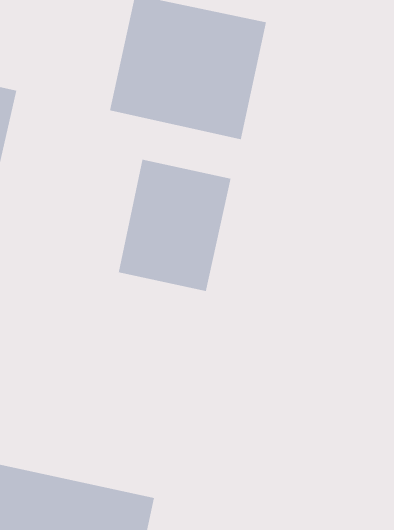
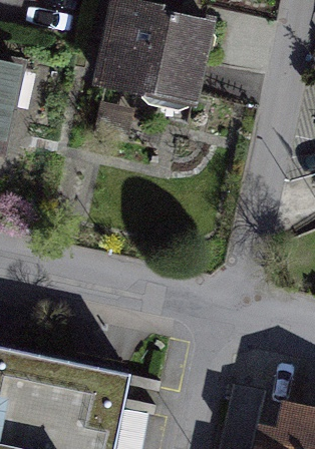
building: [118,159,231,292] -> none

